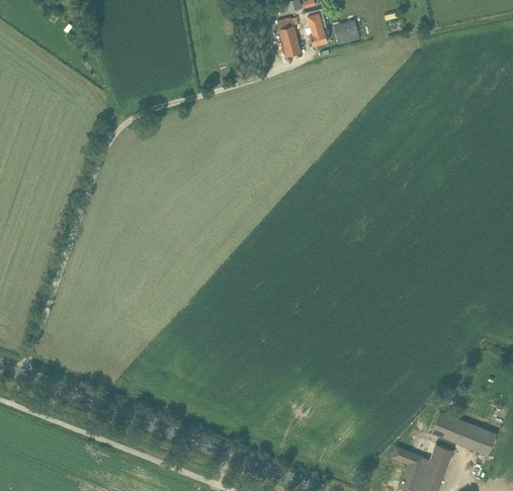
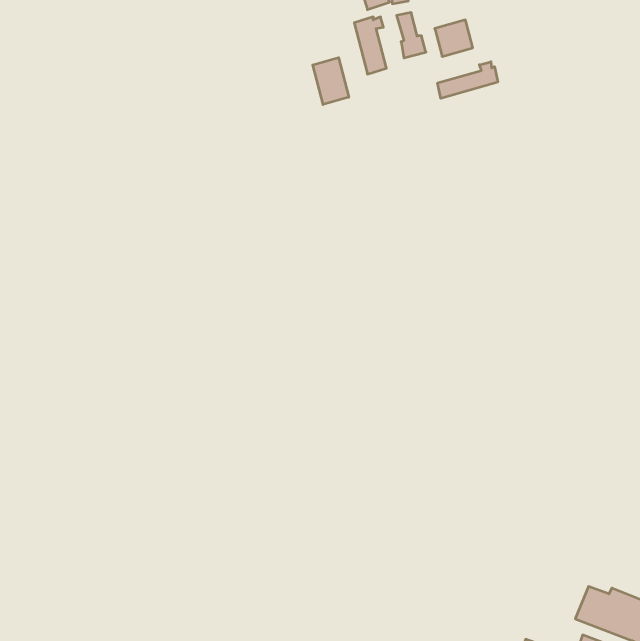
building: none -> [313,58,349,105]
building: none -> [438,62,498,98]

